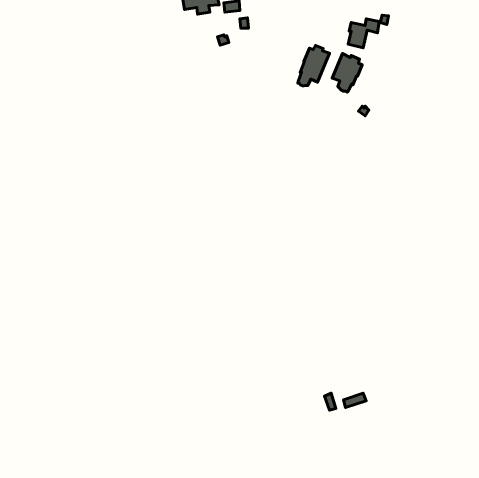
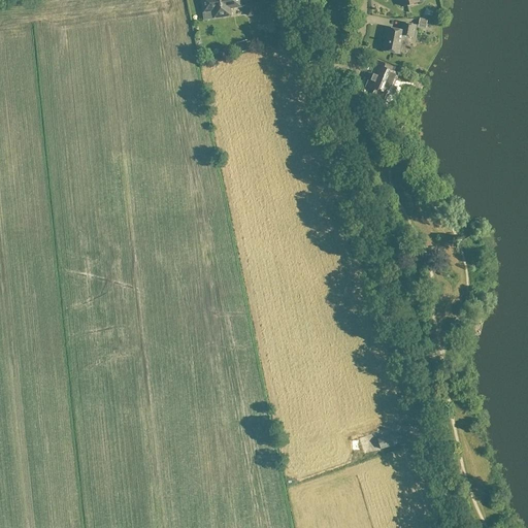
building: [298,45,330,86] -> none

